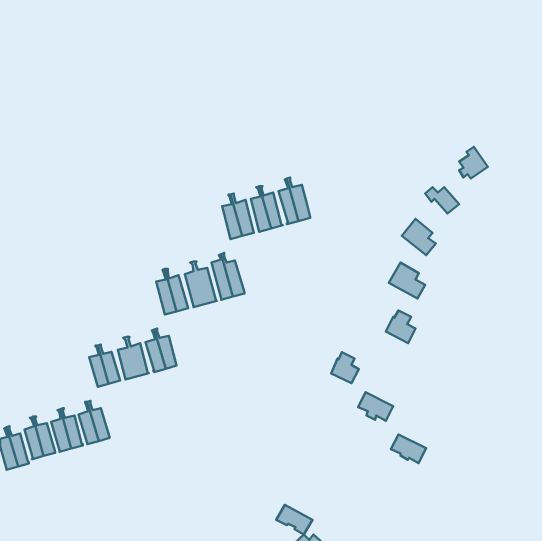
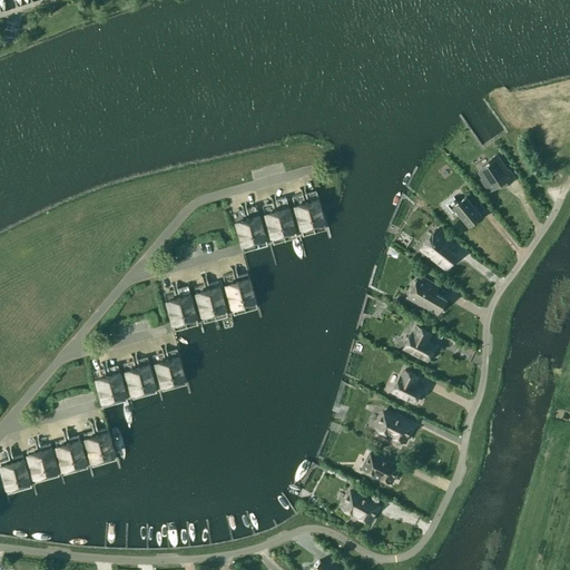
building: [331,352,359,383] -> [394,371,423,403]
building: [391,434,426,463] -> [363,454,400,484]
building: [276,505,312,535] -> [342,492,380,523]

